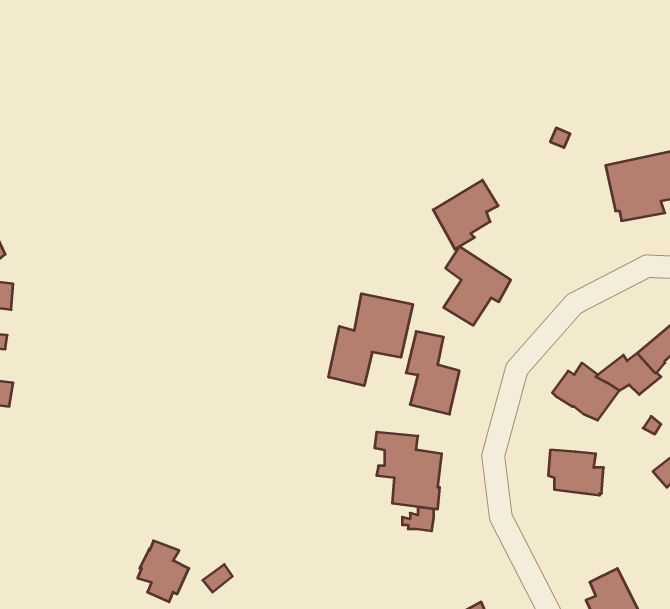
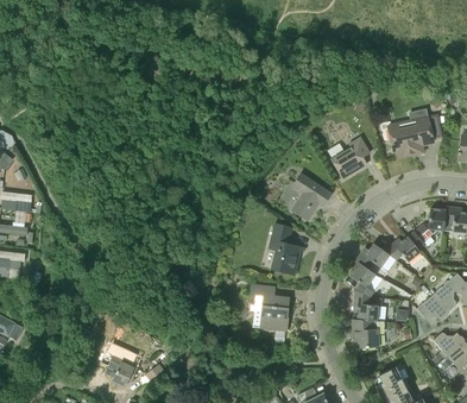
building: [433,180,498,249] -> [329,138,368,180]
building: [329,294,413,386] -> none
building: none -> [349,264,383,297]
building: none -> [352,320,378,348]

